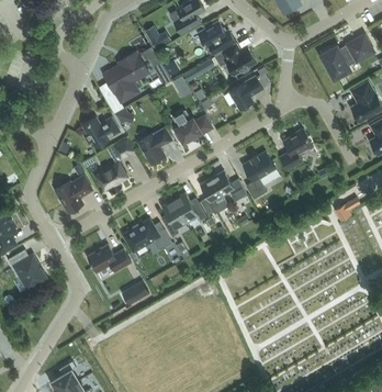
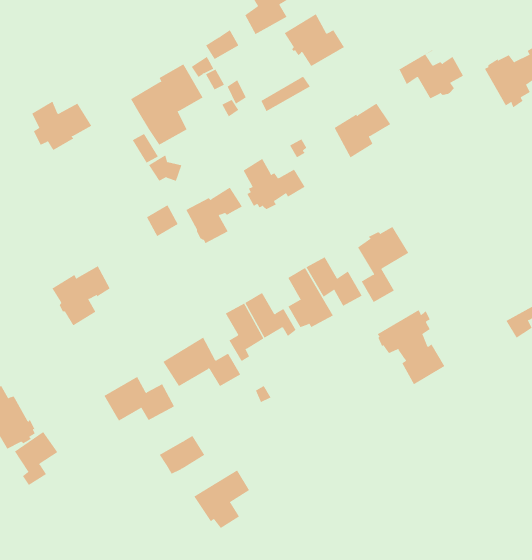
building: [213,44,256,75] -> [394,49,464,99]
building: [83,116,121,147] -> [31,101,92,151]
building: [280,128,318,170] -> none
building: [97,163,127,190] -> none
building: none -> [377,309,445,385]
building: none -> [14,431,58,486]
building: none -> [194,469,250,529]

